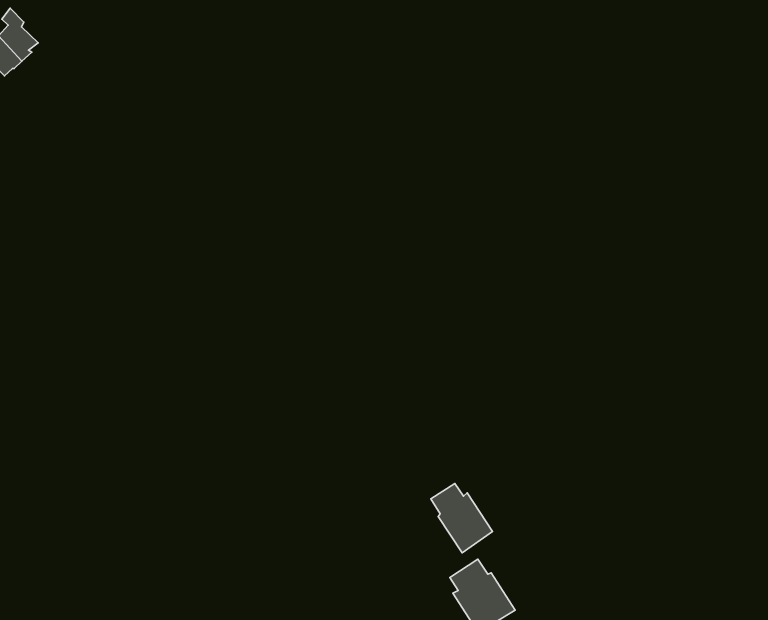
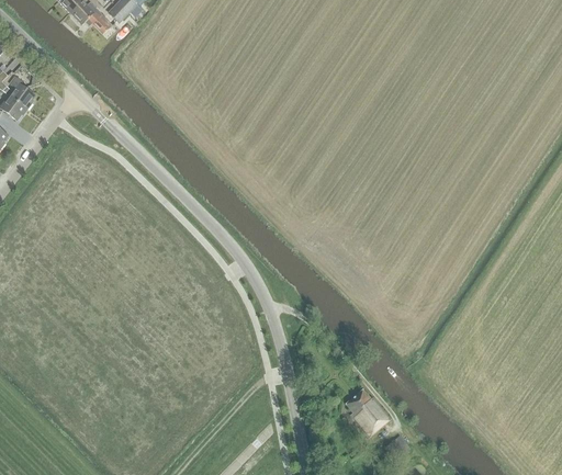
building: [431,483,492,553] -> none

